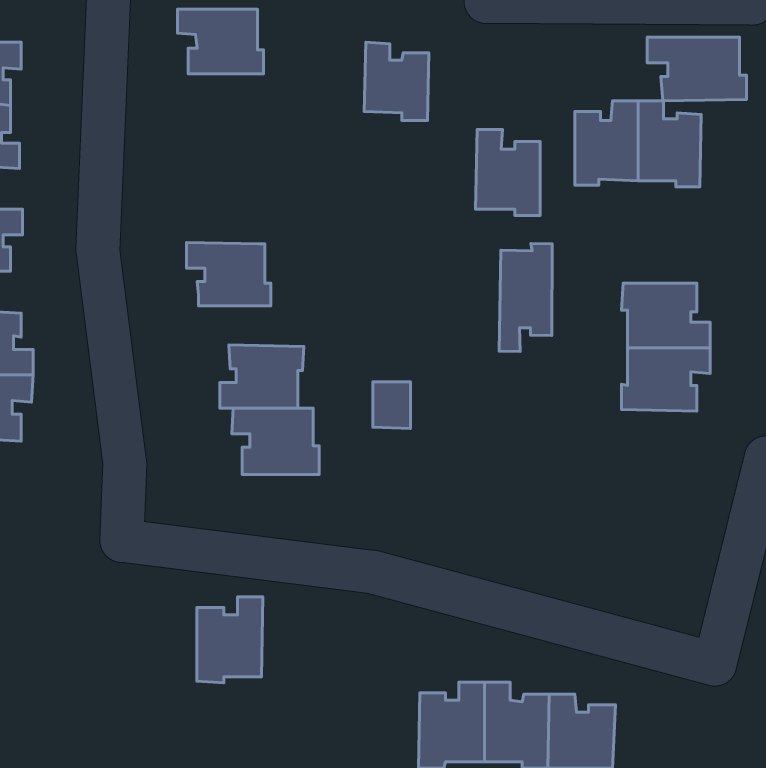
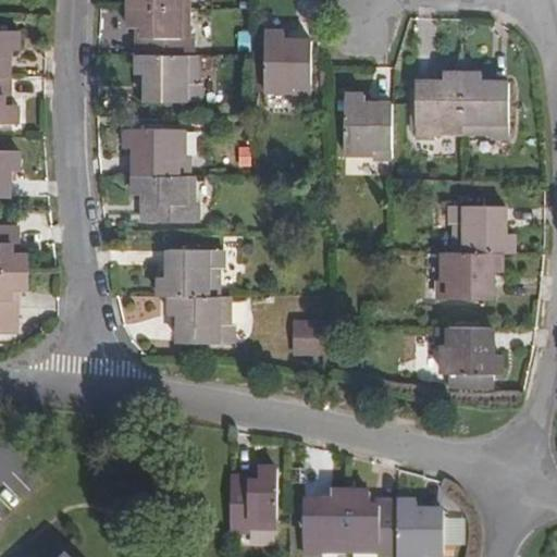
building: [647,37,746,101] -> none
building: none -> [136,53,198,99]
building: none -> [126,128,187,176]
building: [499,243,552,352] -> none
building: [373,382,410,429] -> [296,322,323,356]
building: none -> [437,327,499,373]
building: [197,597,263,683] -> [231,472,278,534]

